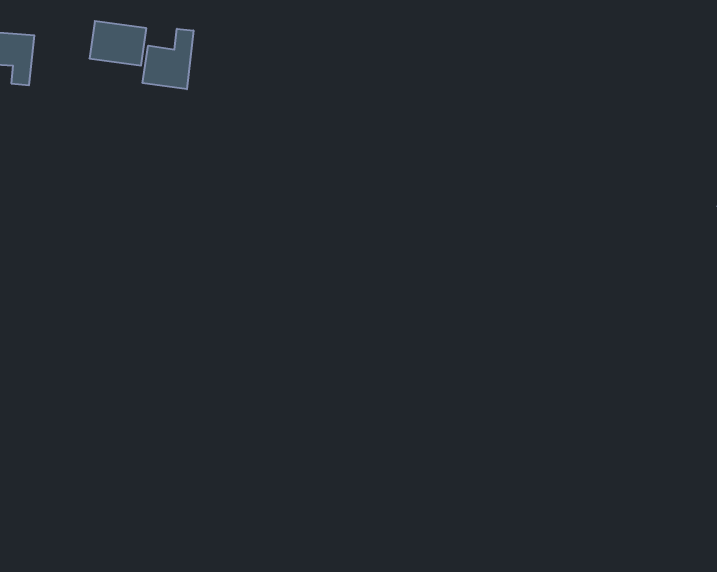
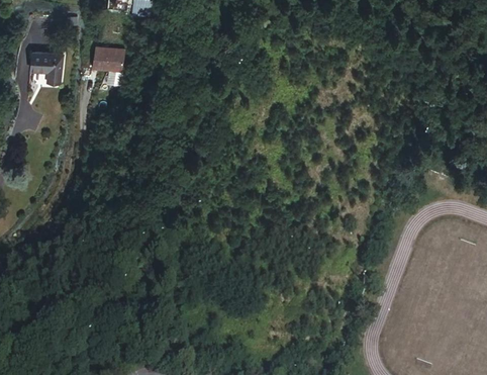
building: [143,29,193,89] -> none

